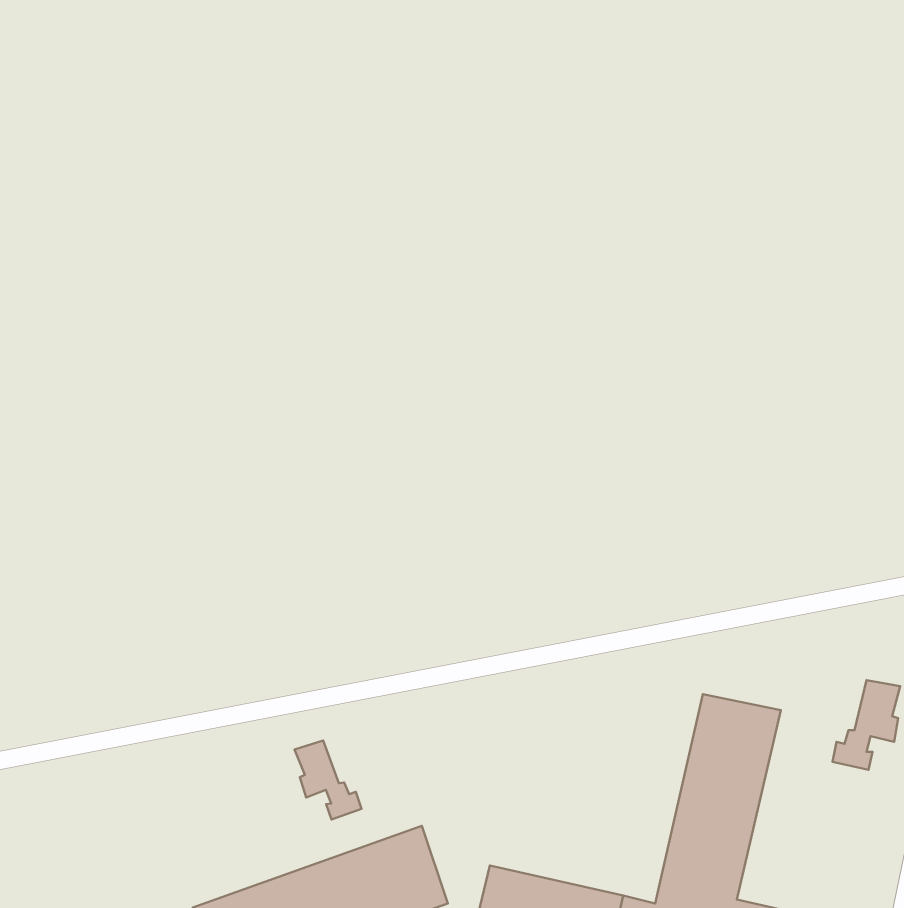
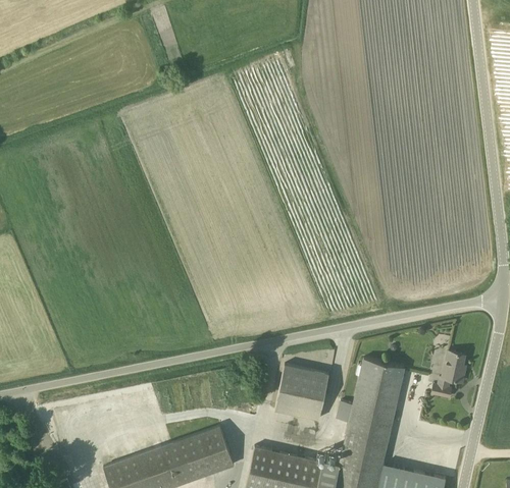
building: none -> [274,366,328,421]
building: [295,741,361,819] -> none

